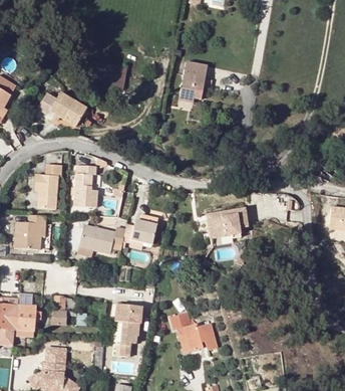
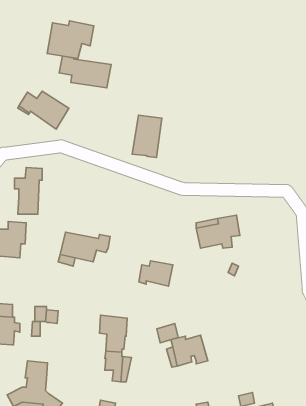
building: none -> [47,21,94,59]
building: [180,59,208,100] -> [132,115,162,157]
building: [74,165,98,206] -> none
building: [123,220,155,244] -> [139,261,173,286]

